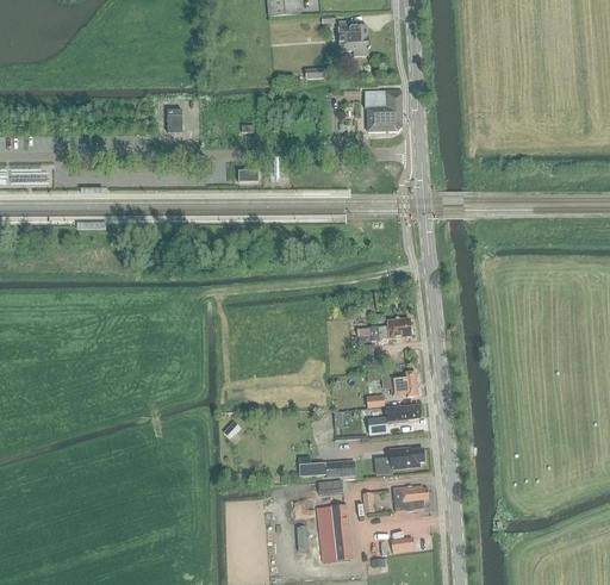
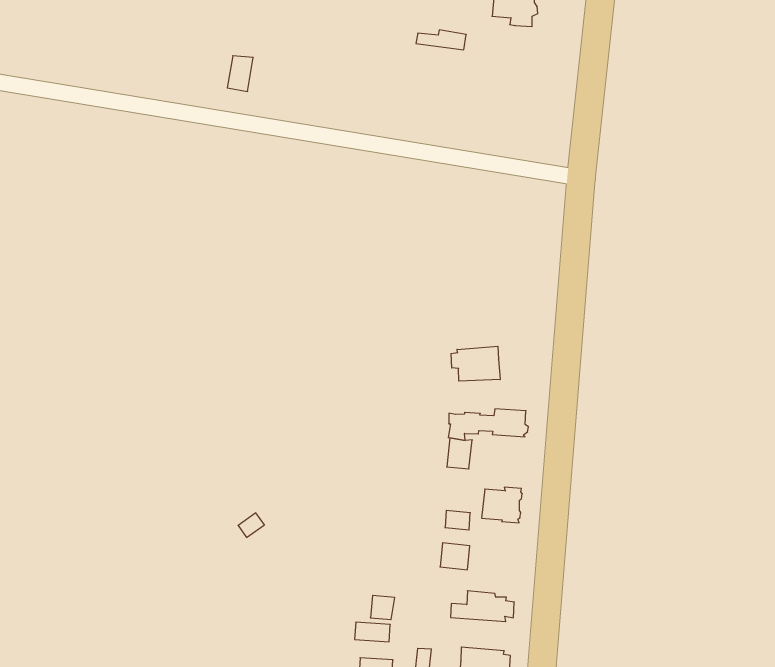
building: [362,91,400,131] -> none
building: none -> [451,346,500,381]
building: [385,404,418,424] -> none

